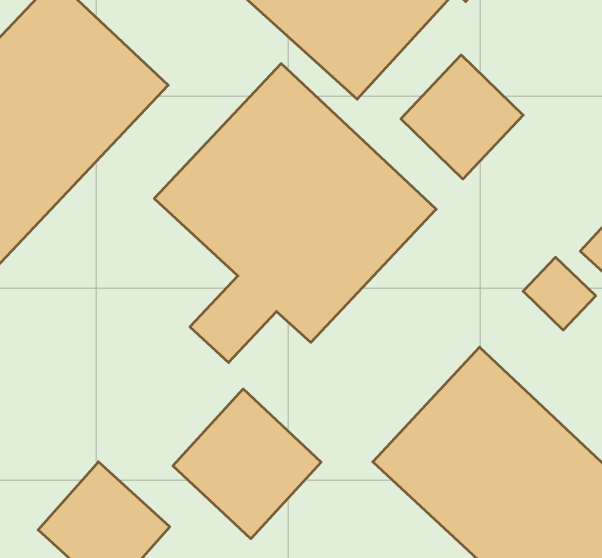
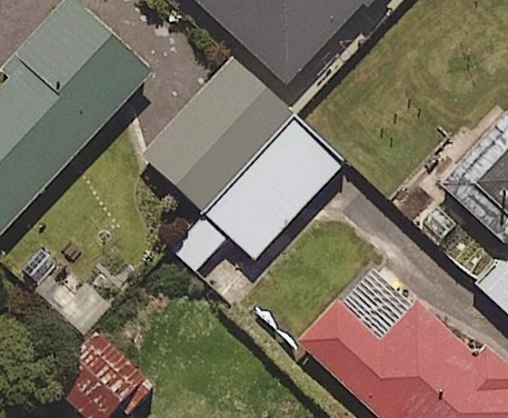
building: [401,55,523,179] -> none
building: [173,389,321,539] -> none

